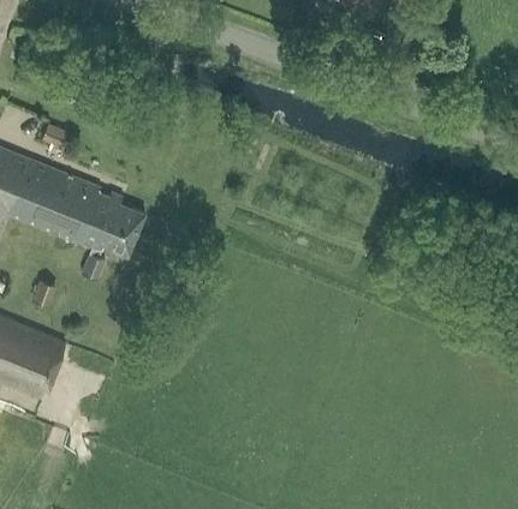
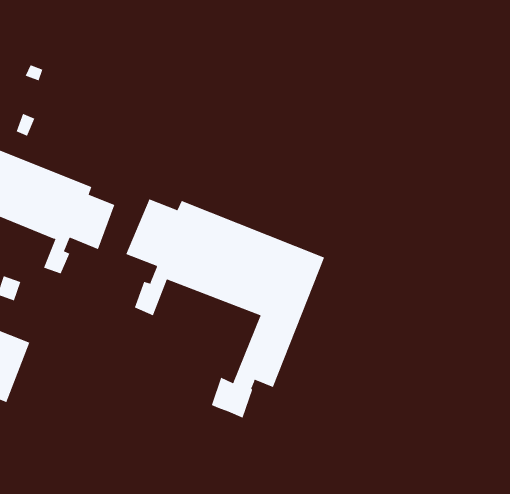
building: none -> [126,199,325,419]

